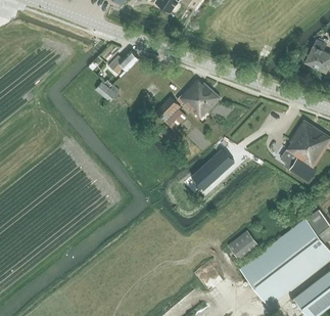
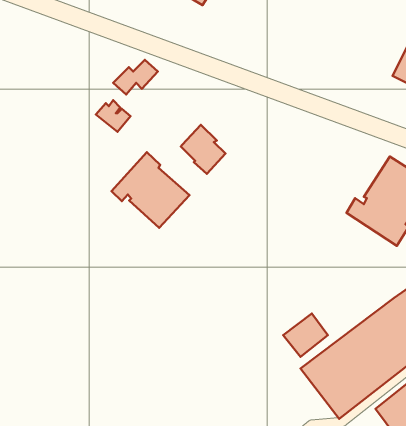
building: [177,79,221,121] -> none
building: none -> [112,152,190,228]
building: [191,148,234,189] -> none

